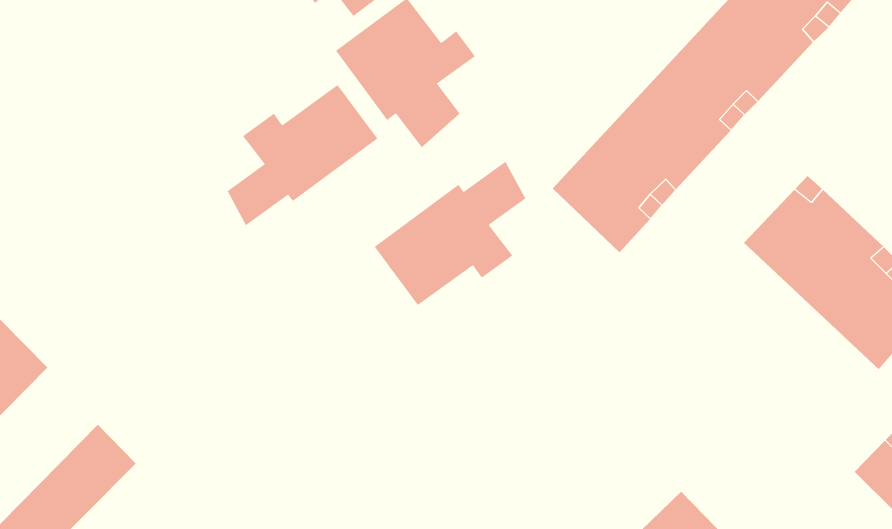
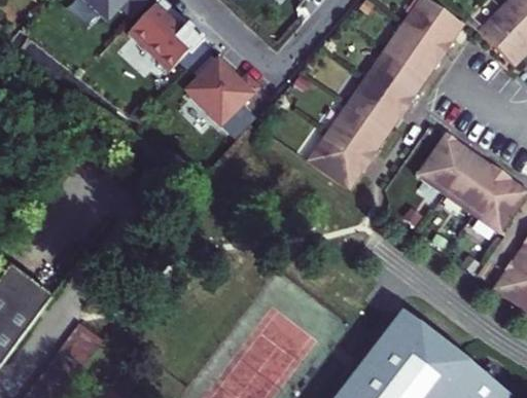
building: [227,84,378,226] -> none
building: [374,161,526,306] -> none

